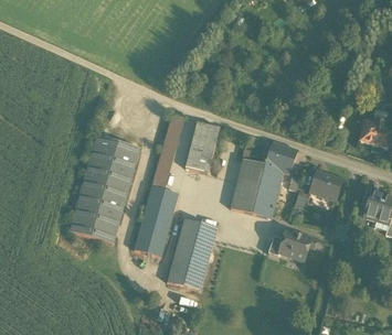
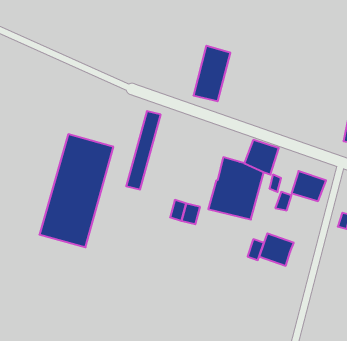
building: [184,120,220,173] -> [193,46,230,101]
building: [134,185,178,257] -> none
building: [167,217,216,290] -> none

